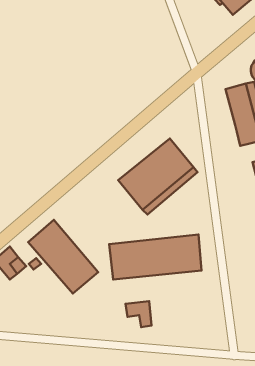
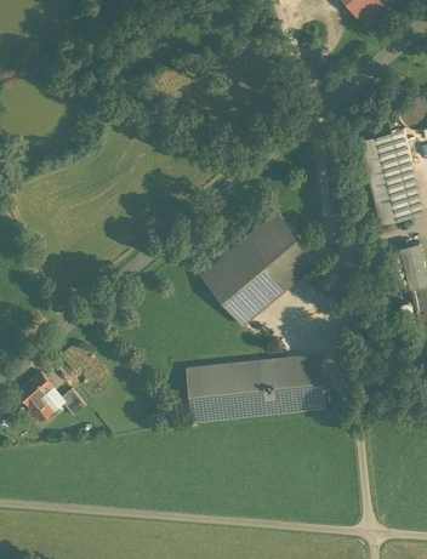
building: [28,220,98,294] -> none
building: [125,301,152,327] -> none

